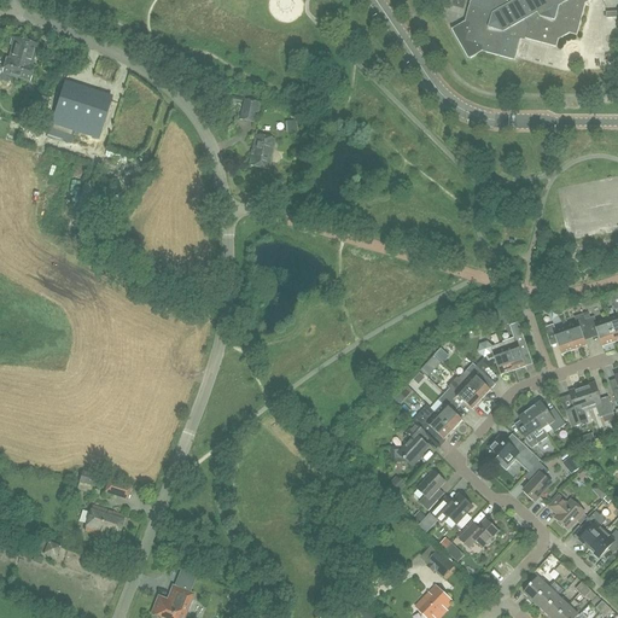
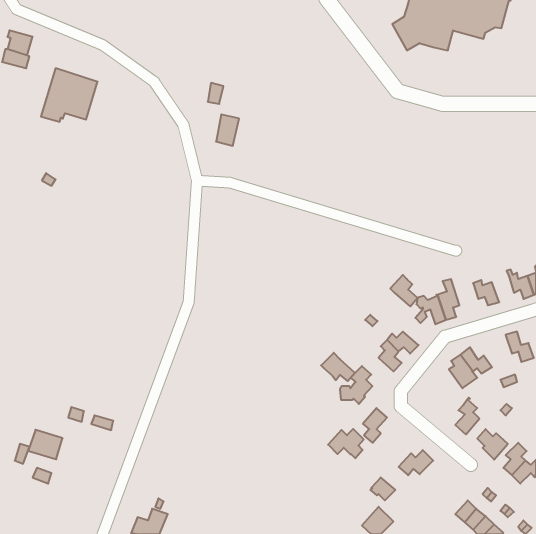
building: [566,311,591,348] -> none
building: [459,361,490,397] -> [390,275,417,306]
building: [567,385,589,425] -> none
building: [414,404,453,437] -> [321,353,355,381]
building: [490,435,540,468] -> none
building: [431,492,472,526] -> [328,429,364,458]
building: [84,506,124,540] -> [28,430,63,459]

